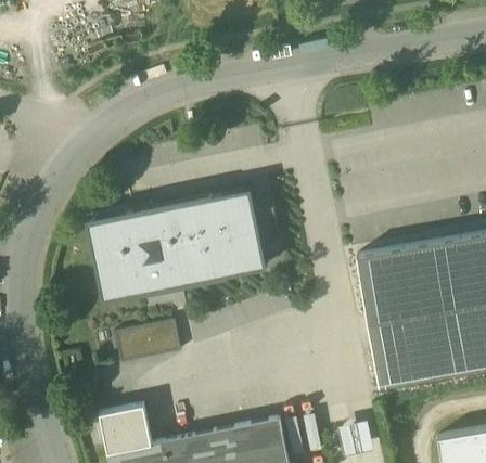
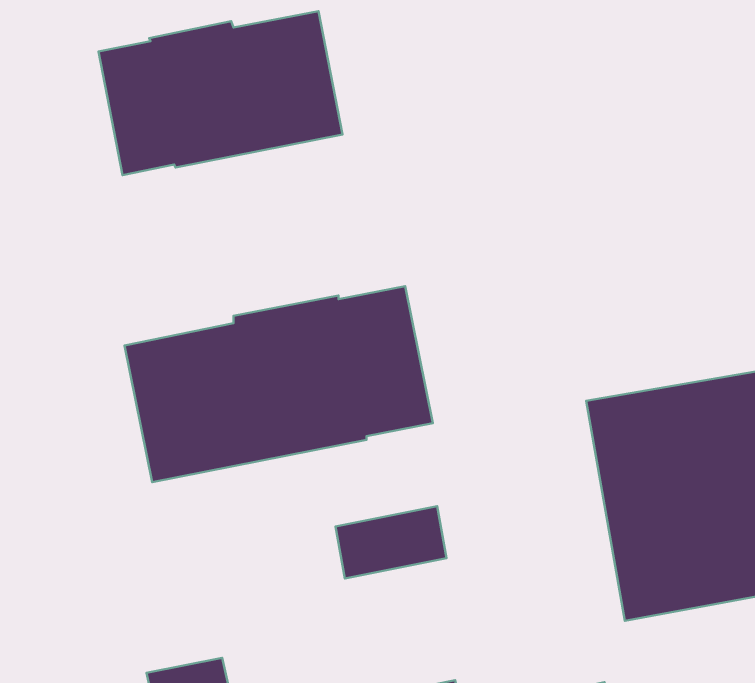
building: none -> [99,11,343,175]
building: [115,322,180,364] -> [336,506,446,578]

